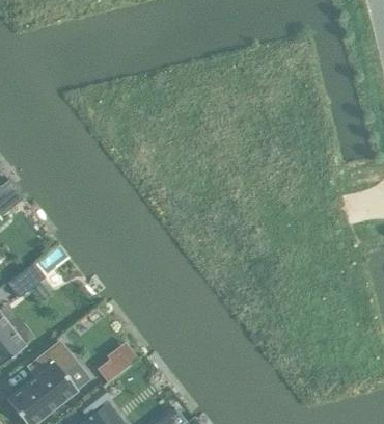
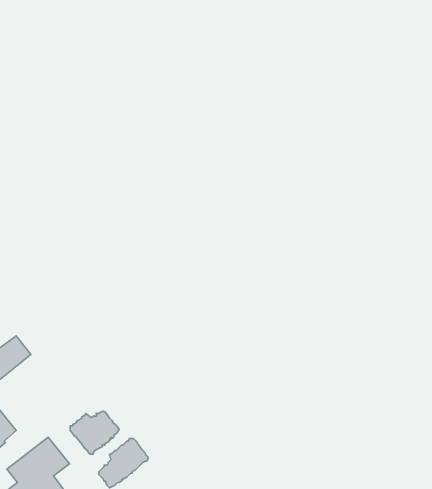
building: none -> [70,411,119,454]

